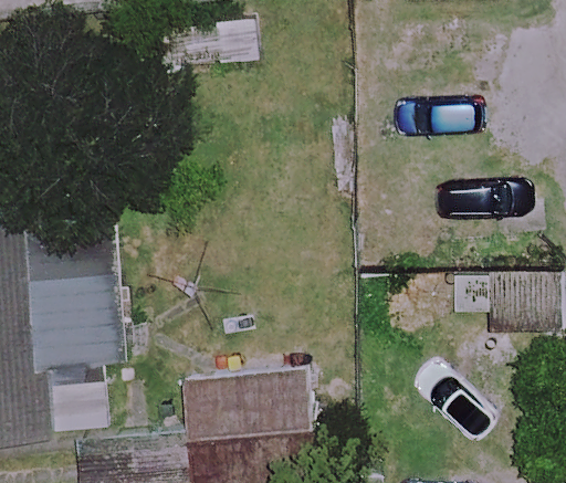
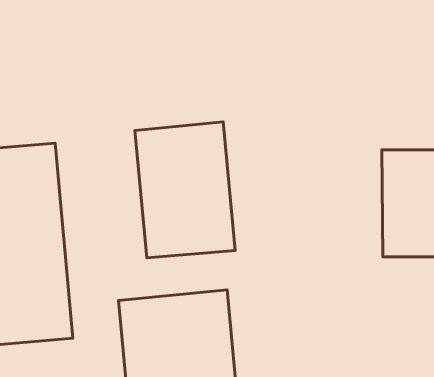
building: none -> [135,122,235,258]

